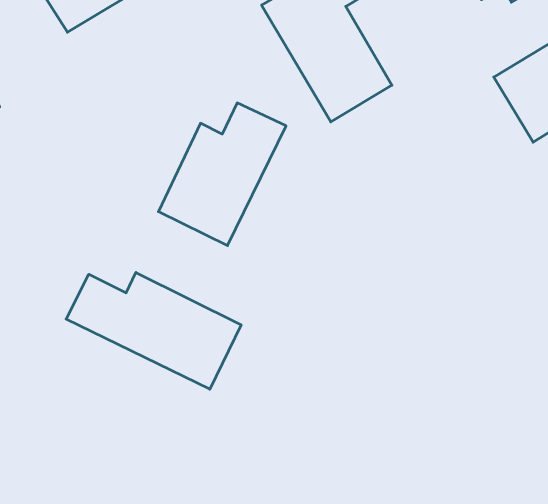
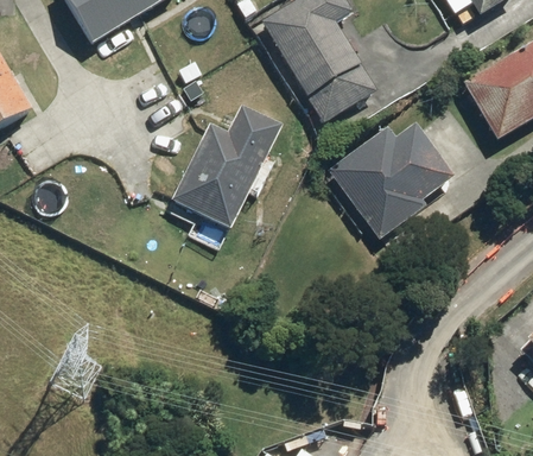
building: none -> [328,122,452,240]
building: [66,272,241,389] -> none

